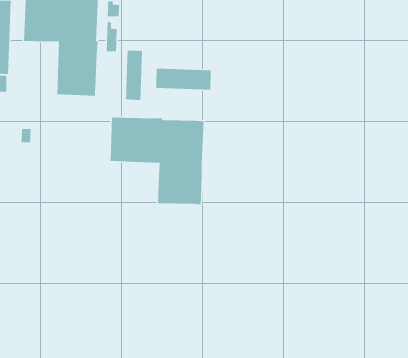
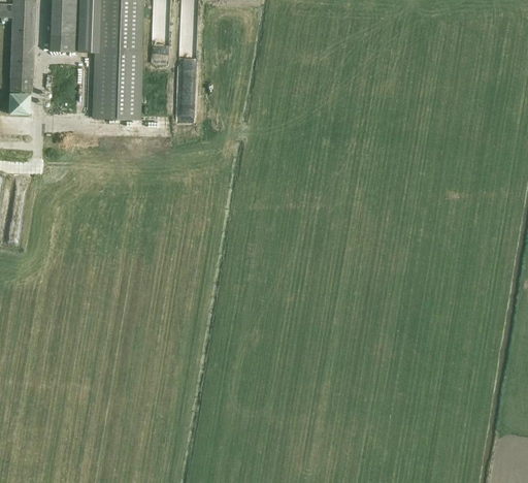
building: [155,68,212,90] -> none
building: [110,117,204,205] -> none

